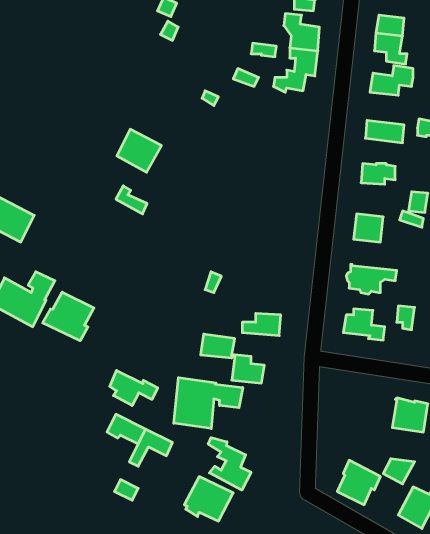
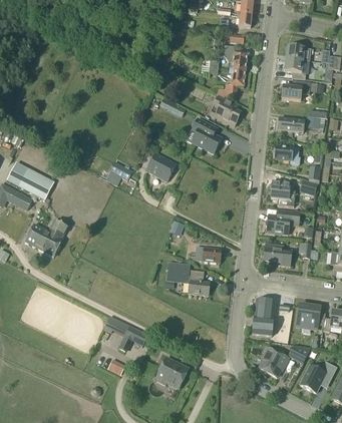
building: none -> [210,94,241,124]
building: none -> [192,117,222,152]
building: [117,129,161,172] -> [146,151,177,180]
building: [43,292,94,341] -> none
building: [110,370,158,406] -> none
building: [174,378,243,429] -> none
building: none -> [252,299,277,335]
building: [208,438,251,490] -> none

